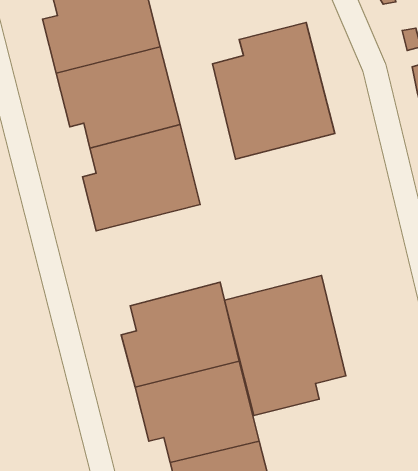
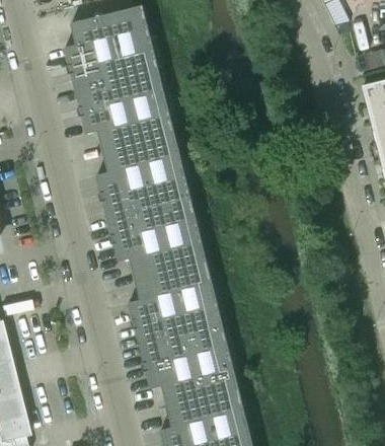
building: [213,23,335,159] -> none
building: none -> [107,198,208,280]
building: [225,275,346,415] -> none

